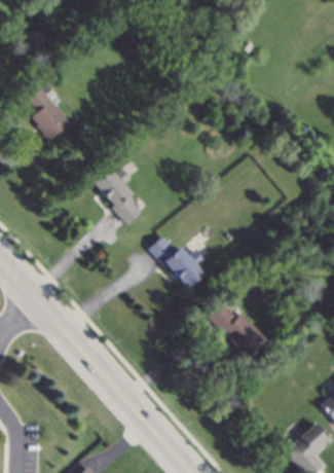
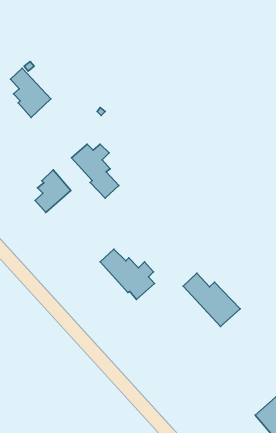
building: none -> [35,170,71,212]
building: [148,236,205,289] -> [100,249,154,299]

